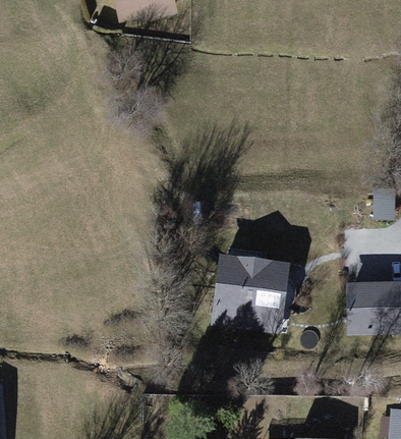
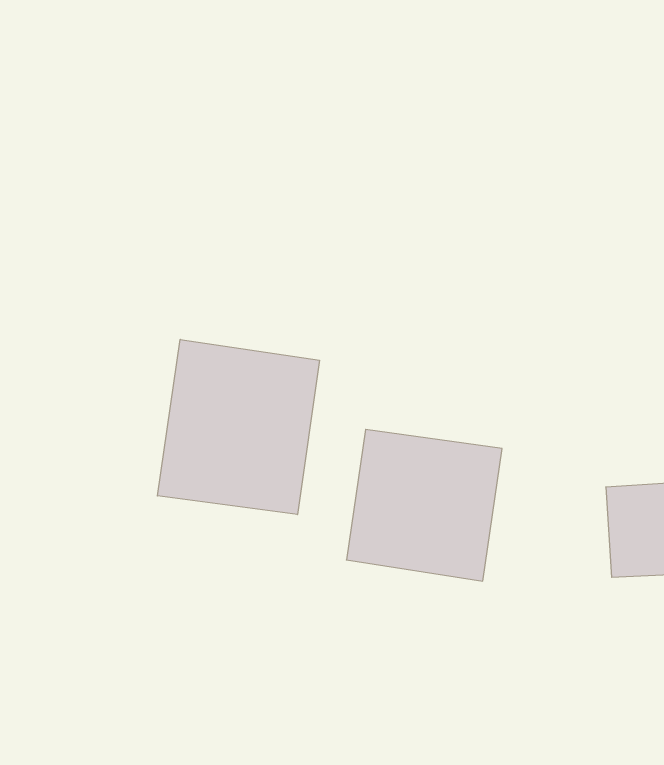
building: none -> [157,339,319,515]

